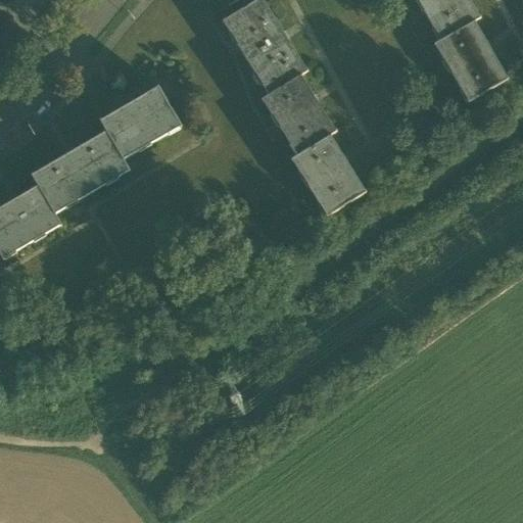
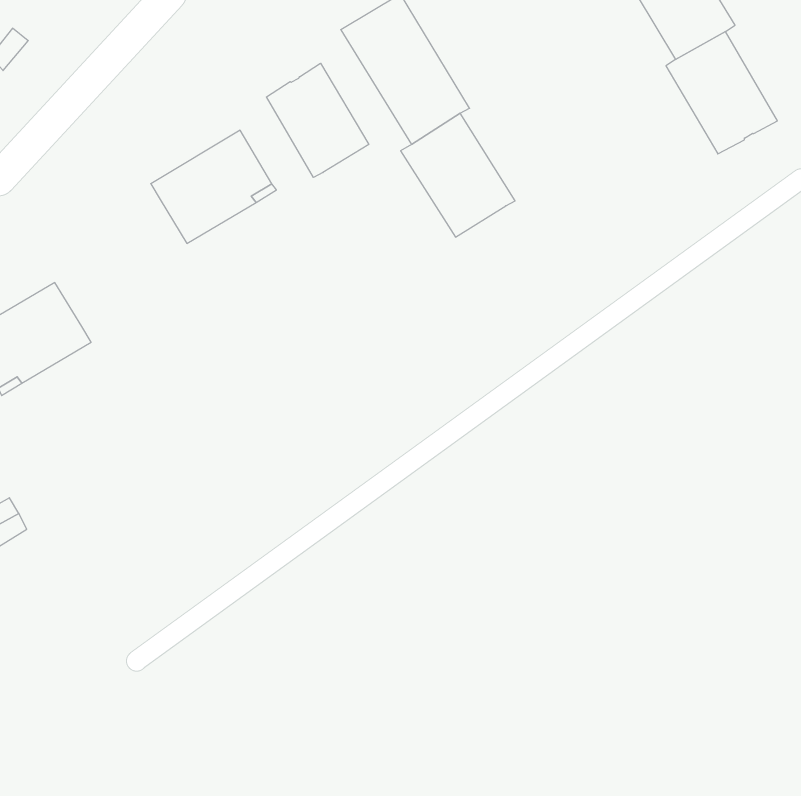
building: none -> [266,63,369,177]
building: [30,130,128,212] -> none
building: [290,134,364,215] -> none

